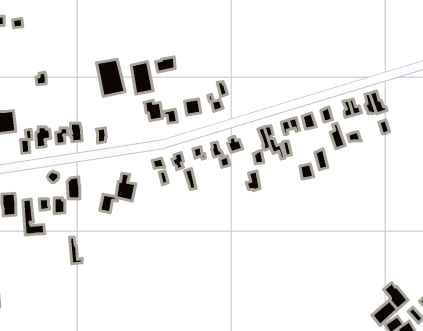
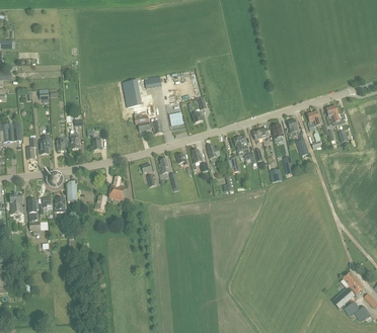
building: [97,59,125,96] -> none

